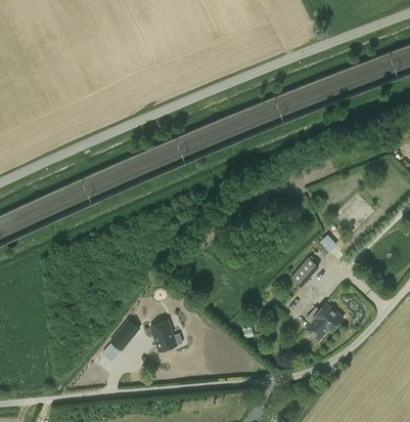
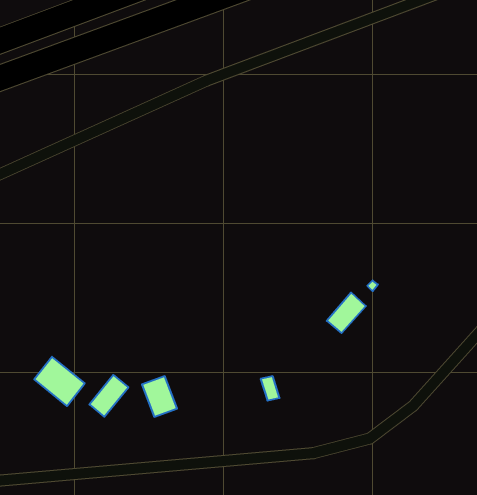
building: [306,302,344,340] -> none
building: none -> [34,357,85,406]

